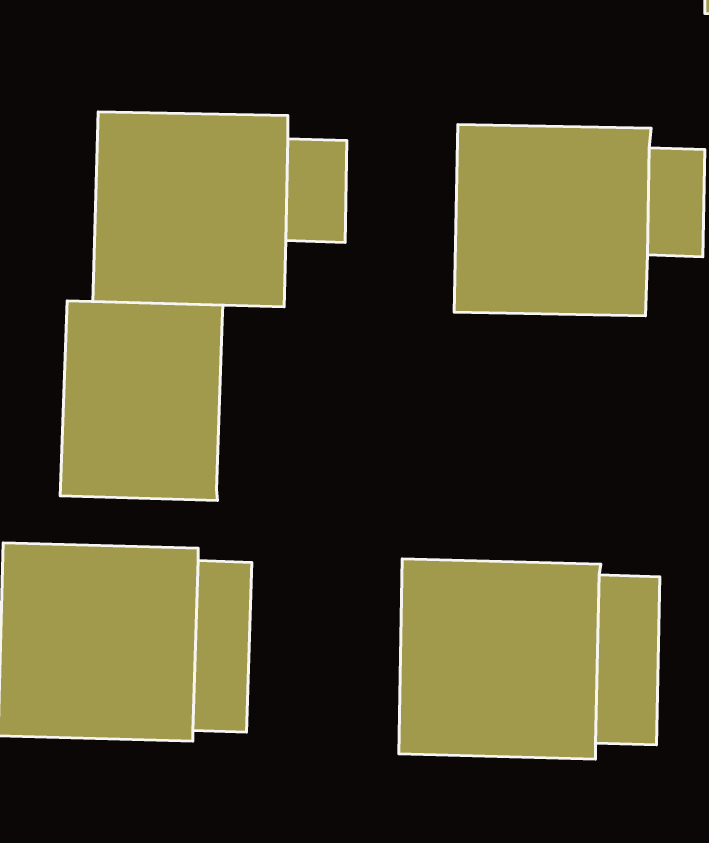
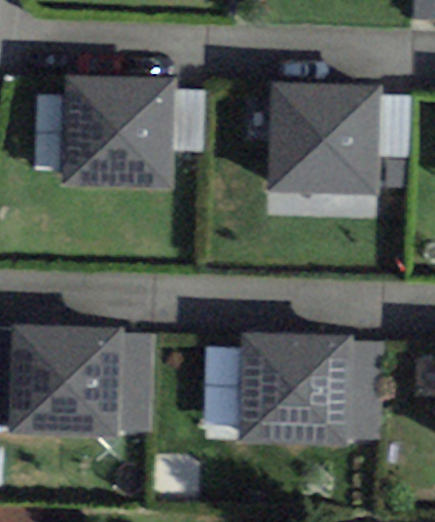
building: [60,301,223,500] -> none

